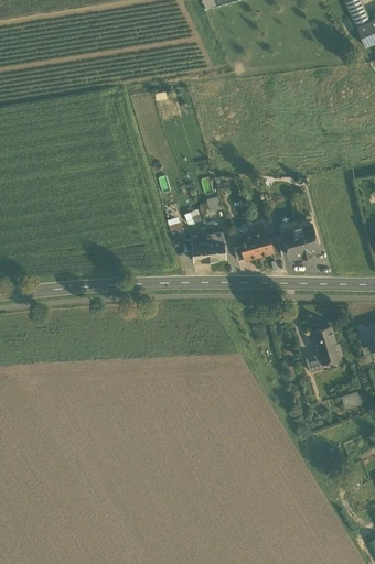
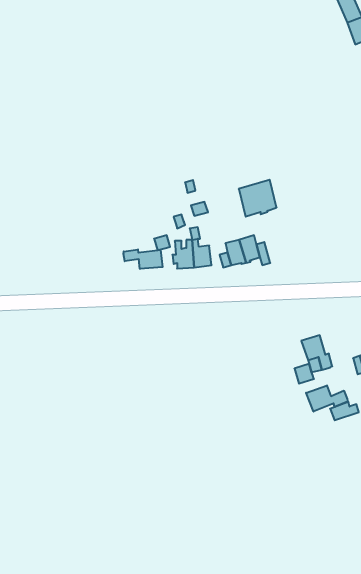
building: [282,224,319,259] -> [239,180,277,217]
building: none -> [124,249,163,269]
building: none -> [306,385,348,412]

